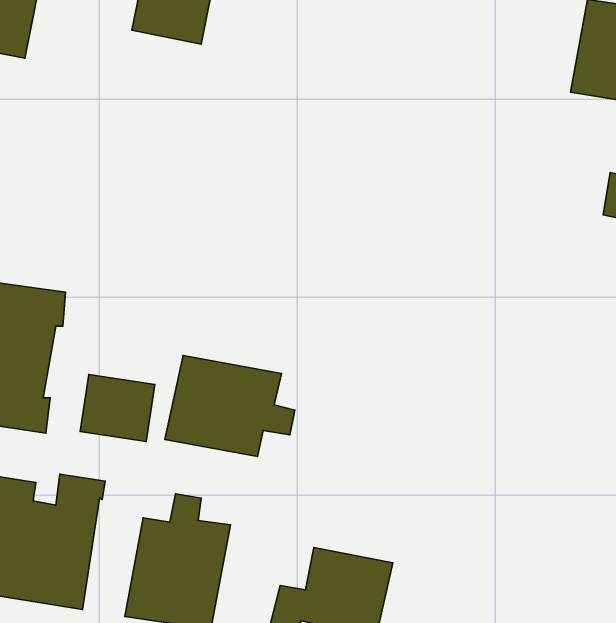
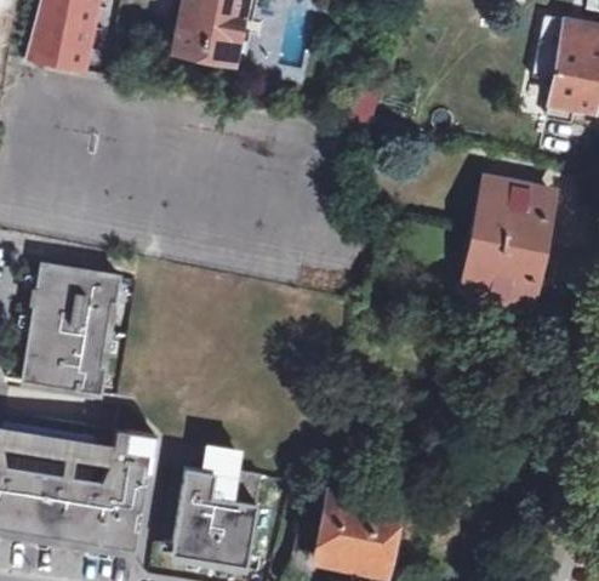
building: none -> [467,182,554,303]
building: [165,356,295,457] -> none
building: [80,375,155,442] -> none

